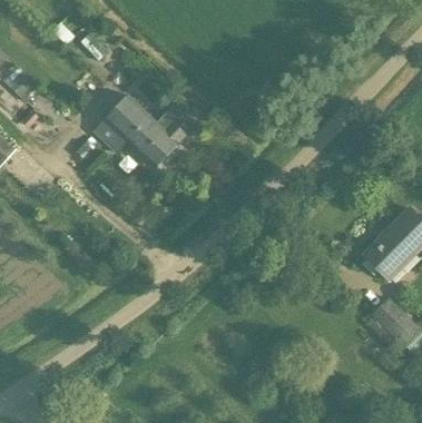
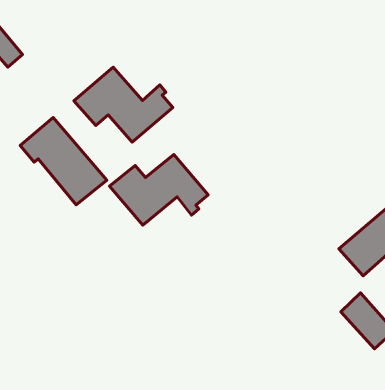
building: none -> [20,117,107,205]
building: none -> [109,155,208,225]

